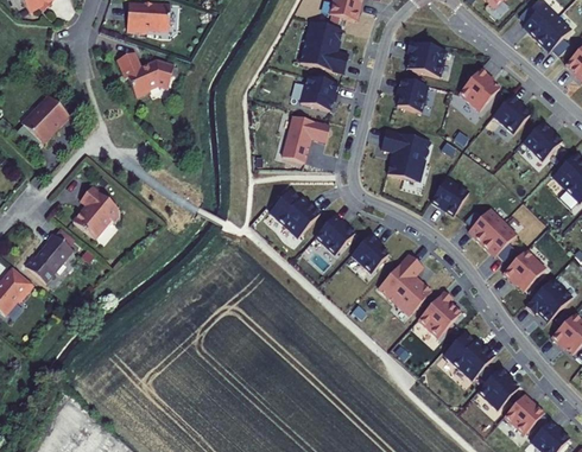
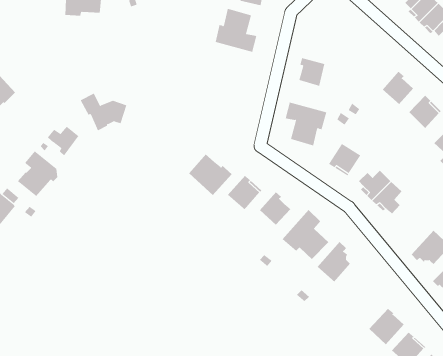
building: [406,40,447,76] -> none
building: [118,51,172,95] -> [80,93,127,131]
building: [458,68,500,110] -> none
building: [301,76,340,109] -> none
building: [283,115,330,161] -> none
building: none -> [47,126,79,156]
building: [504,248,545,289] -> none
building: [444,331,494,380] -> none

